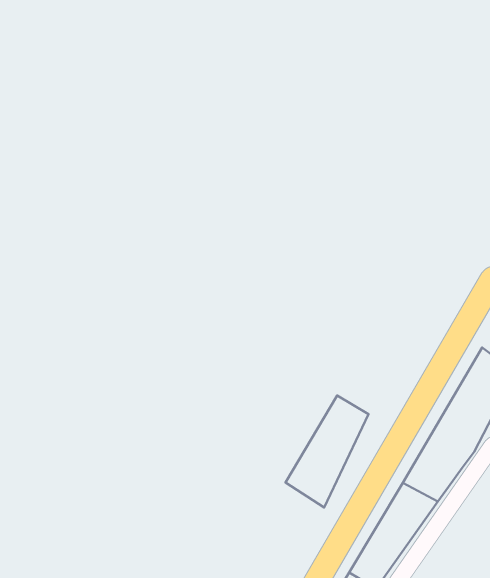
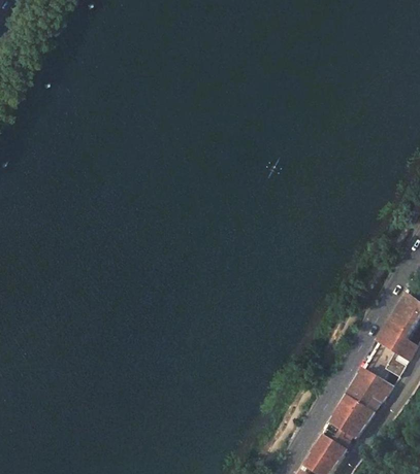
building: [285,396,369,507] -> none

